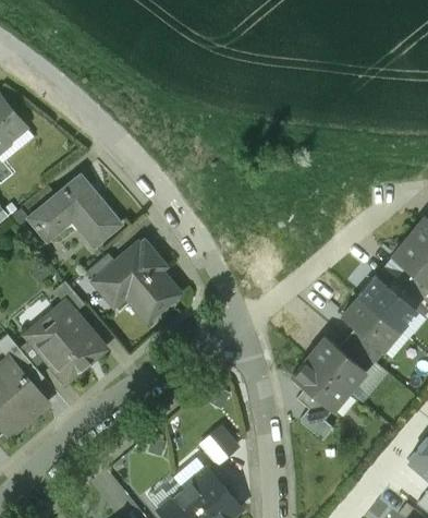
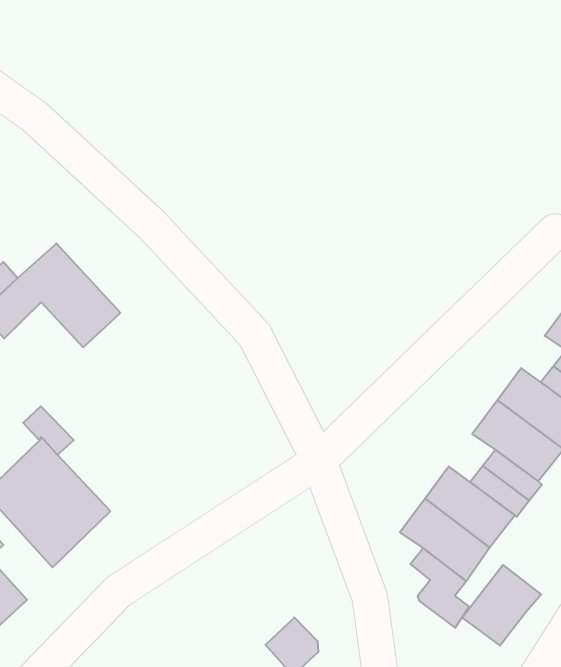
building: [96,249,180,322] -> none
building: none -> [462,565,541,646]

